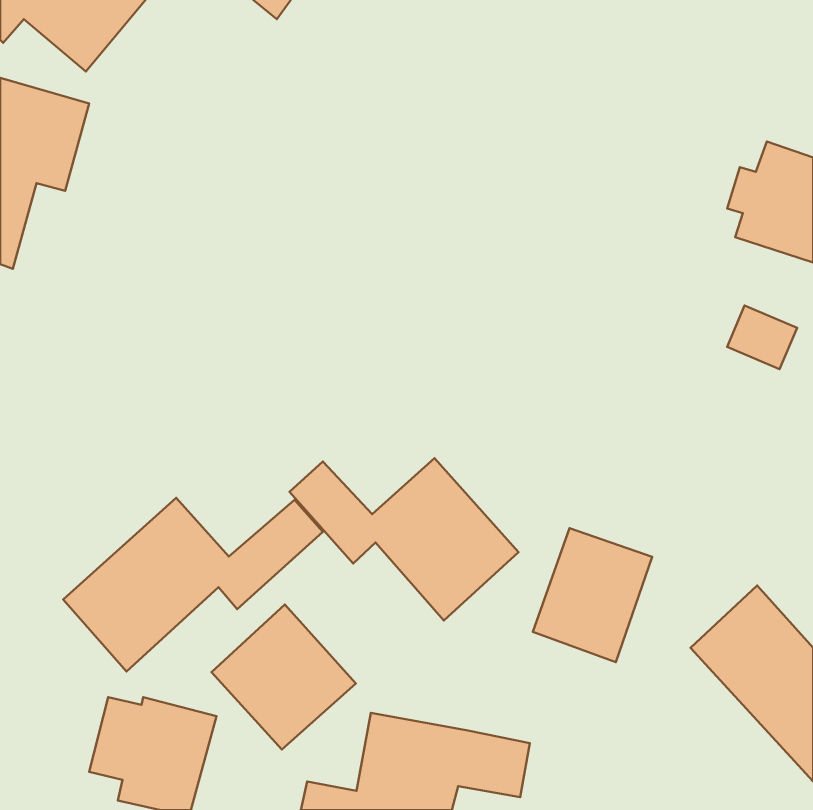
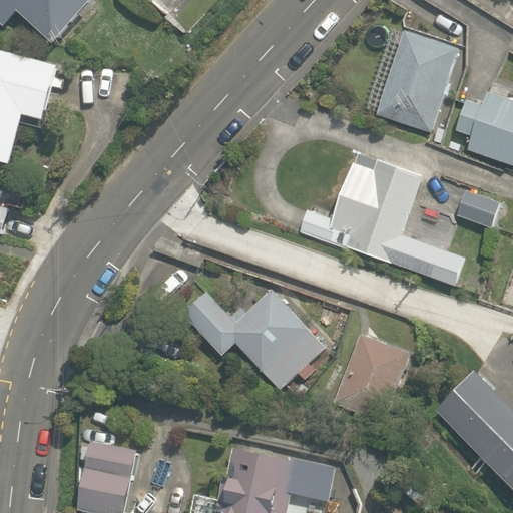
building: none -> [369,28,460,131]
building: none -> [298,151,468,288]
building: [63,498,323,672] -> none
building: [211,604,356,750] -> none

